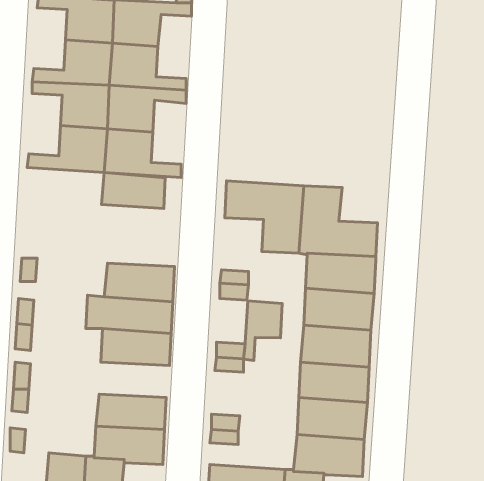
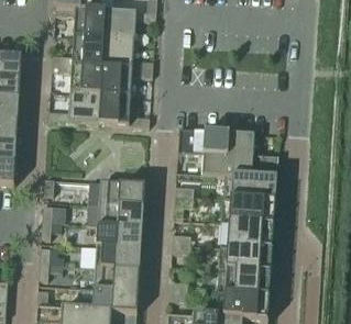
building: [101,172,165,208] -> none
building: [243,301,282,360] -> none
building: none -> [95,245,141,268]

